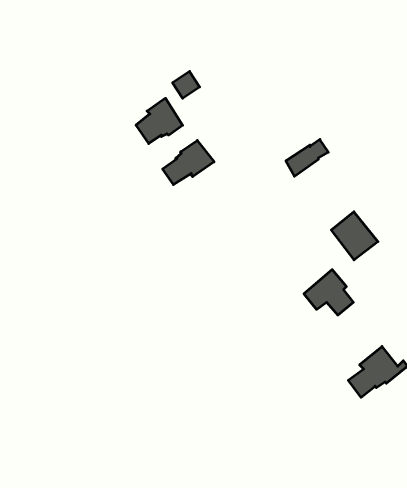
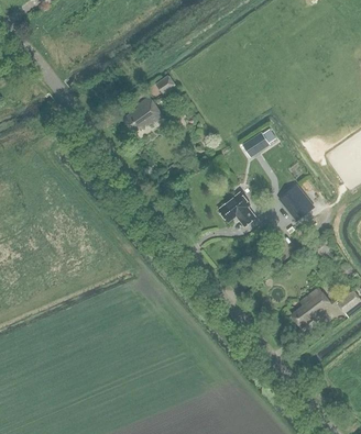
building: [163,140,214,185] -> none
building: [304,270,353,315] -> [218,191,256,226]

